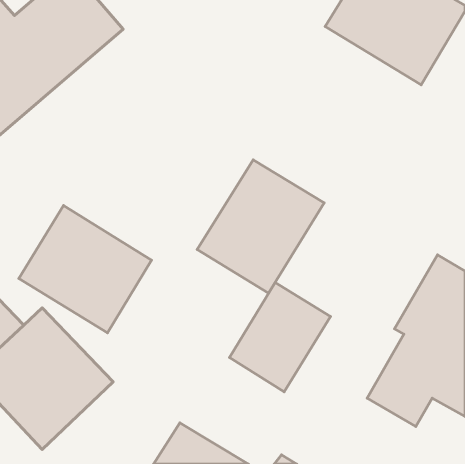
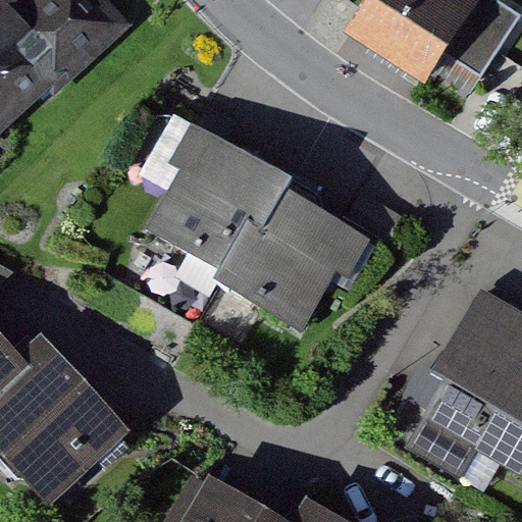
building: none -> [139,128,282,278]
building: [19,206,151,333] -> none
building: [229,283,330,392] -> none

